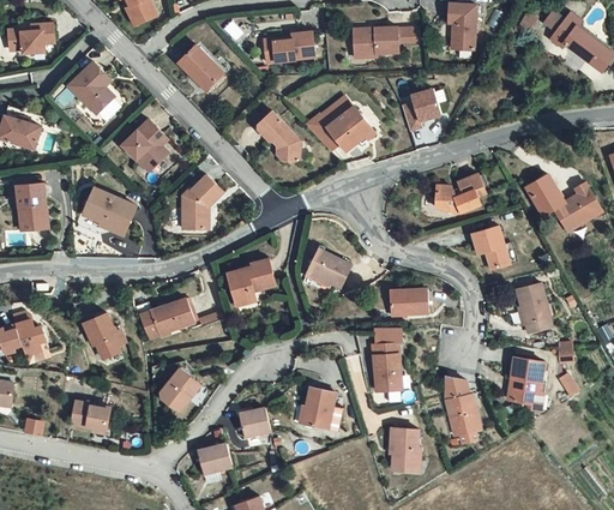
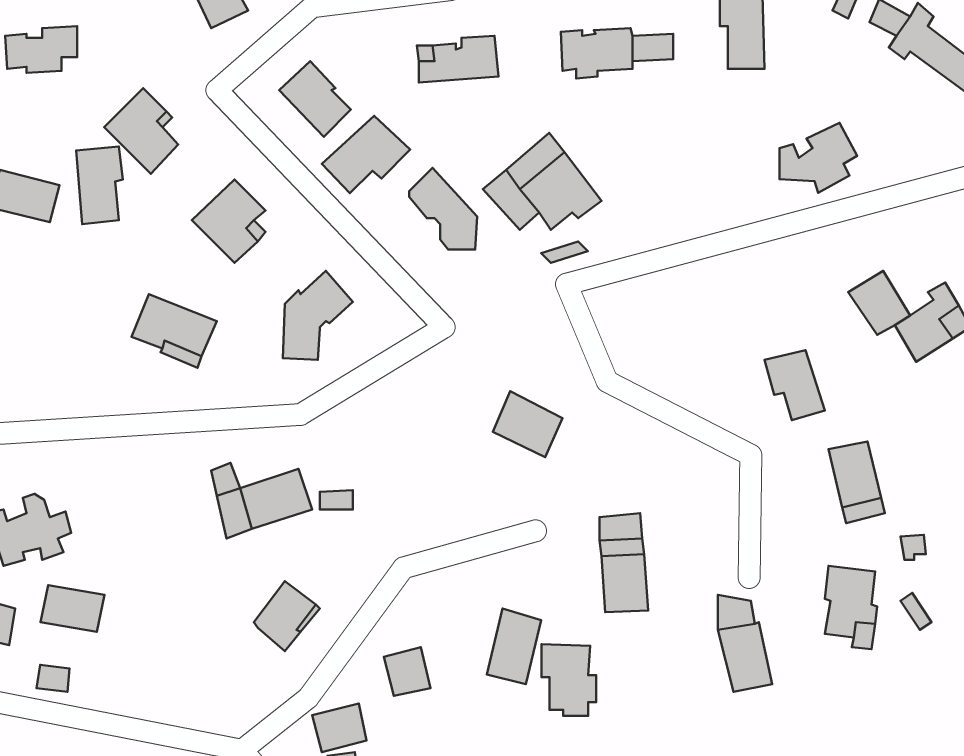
building: none -> [322,116,410,193]
building: [401,90,440,132] -> none
building: [440,170,488,214] -> [779,123,857,193]
building: [19,185,48,233] -> [76,147,123,224]
building: [233,260,275,305] -> none
building: [390,289,428,314] -> none
building: [84,314,121,358] -> none
building: [68,401,108,430] -> [41,585,105,632]
building: [387,426,421,470] -> [542,644,596,716]

